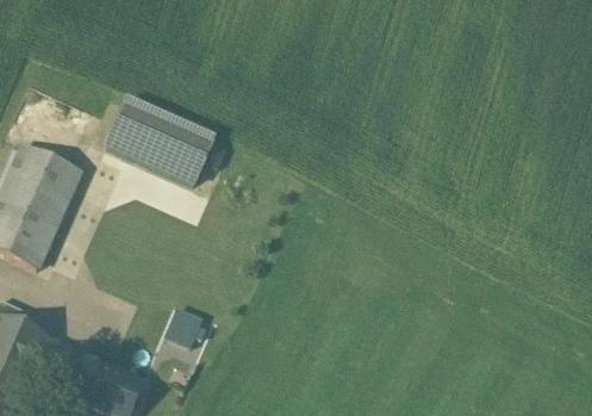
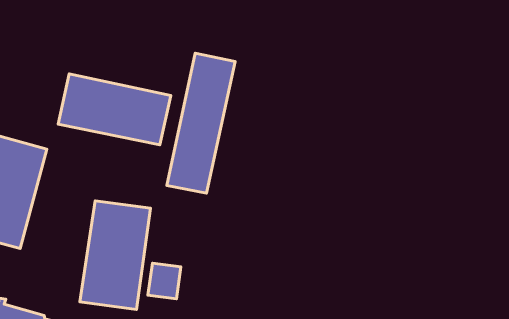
building: none -> [167,53,235,193]
building: none -> [80,201,150,310]

